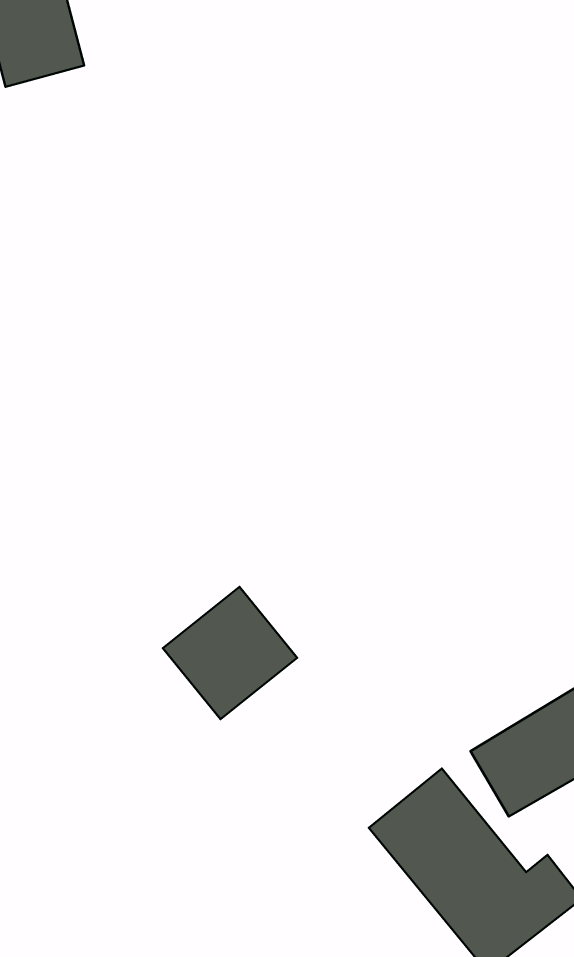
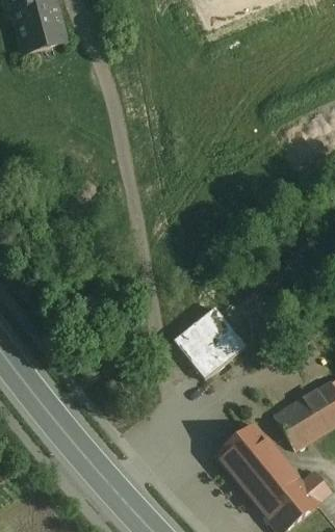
building: [163,587,297,719] -> [172,308,244,379]

